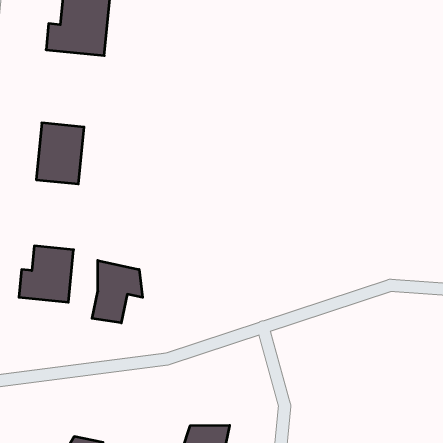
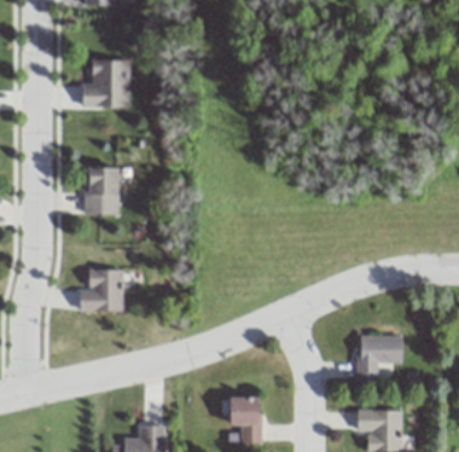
building: [92,260,143,323] -> none
building: none -> [358,335,402,379]

